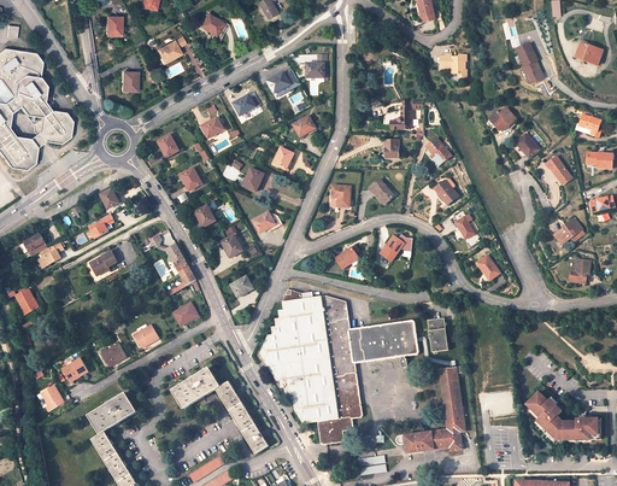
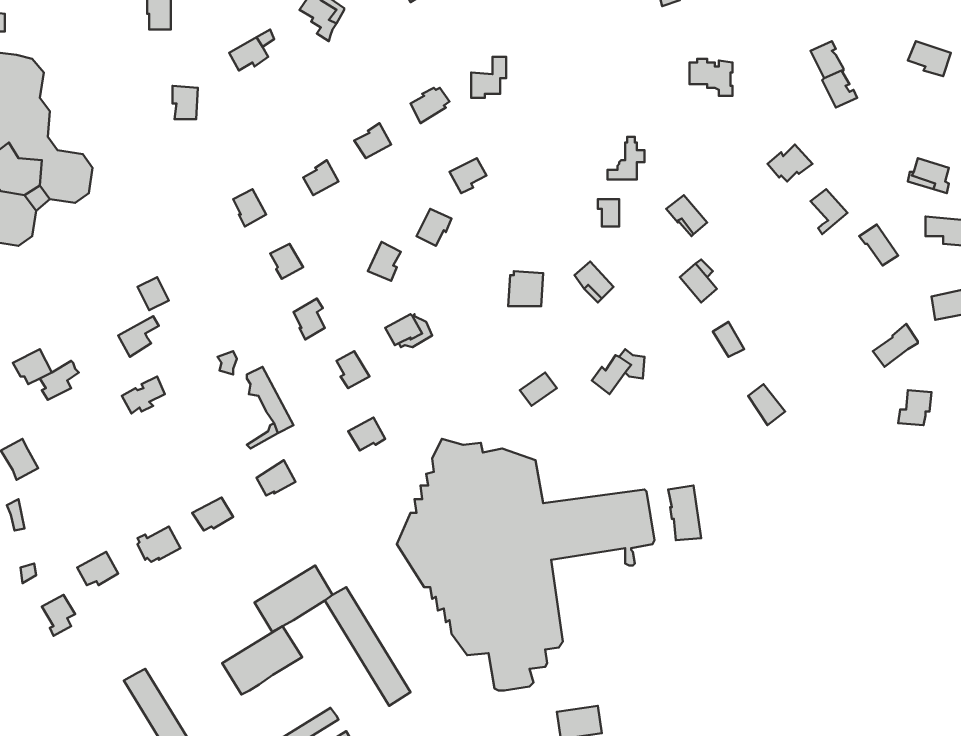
building: [396,364,466,452] -> none
building: [87,391,136,433] -> [222,626,302,694]
building: [528,391,600,439] -> none

